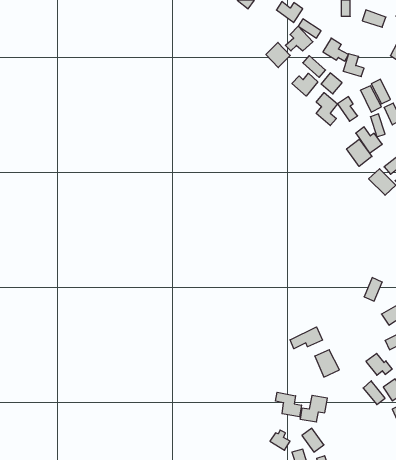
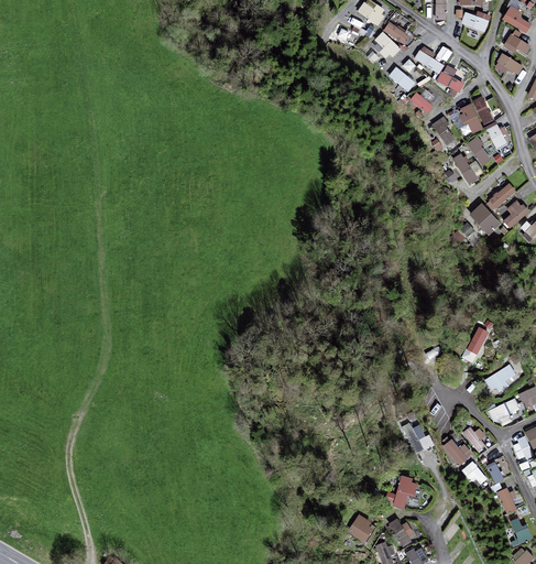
building: [266,42,290,68] -> none
building: [292,73,318,96] -> none
building: [316,93,338,126] -> none
building: [347,139,372,166] -> none
building: [290,327,323,349] -> none
building: none -> [442,435,472,466]
building: [276,392,301,417] -> none

